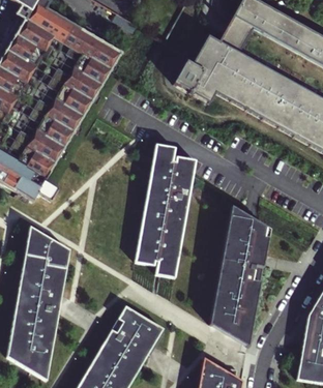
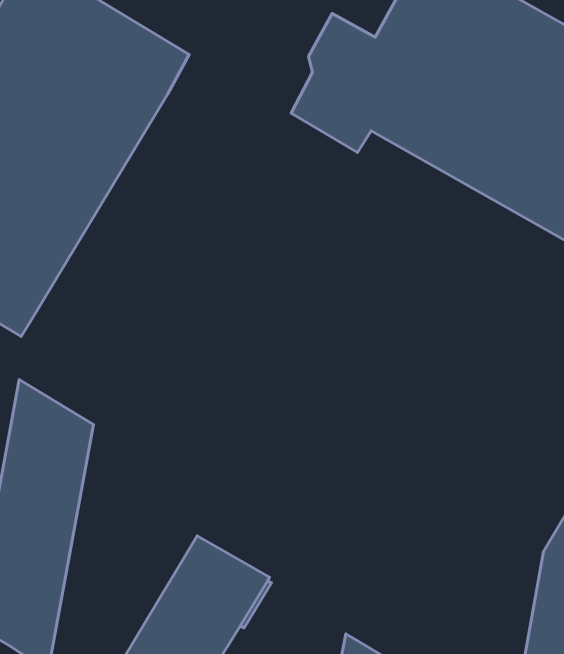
building: [134,133,197,285] -> none
building: [210,206,271,346] -> none

